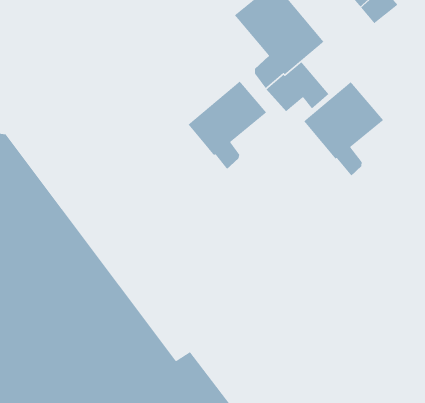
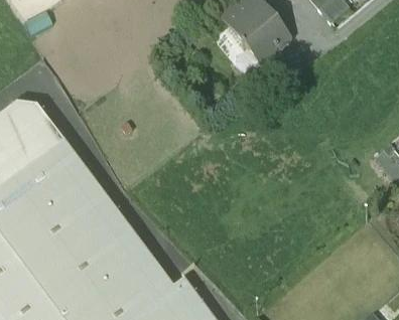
building: [187,80,267,170] -> none
building: [303,81,384,177] -> none

